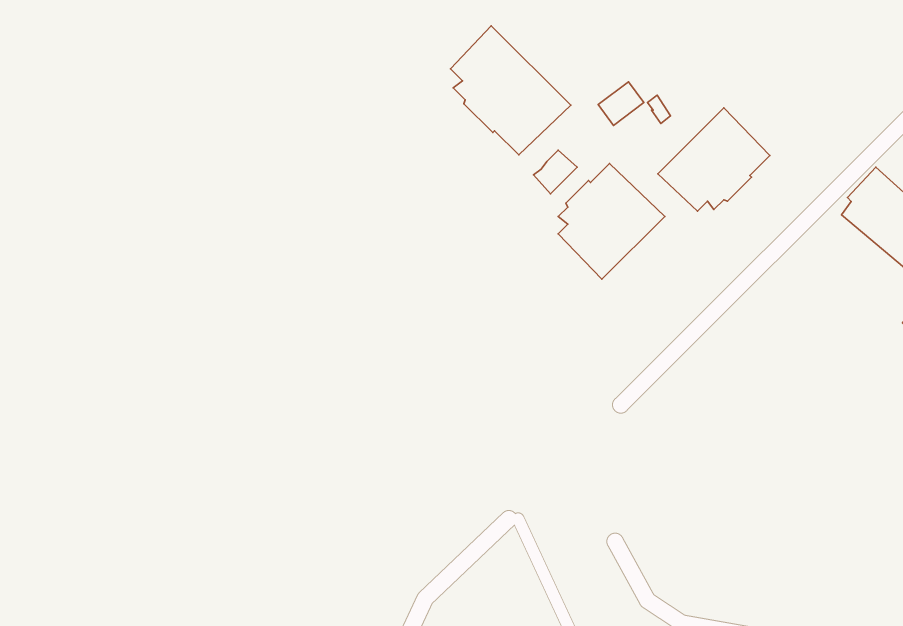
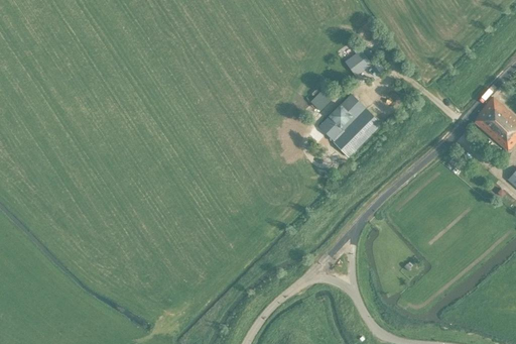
building: [450,26,571,155] -> none
building: [658,108,770,211] -> none

